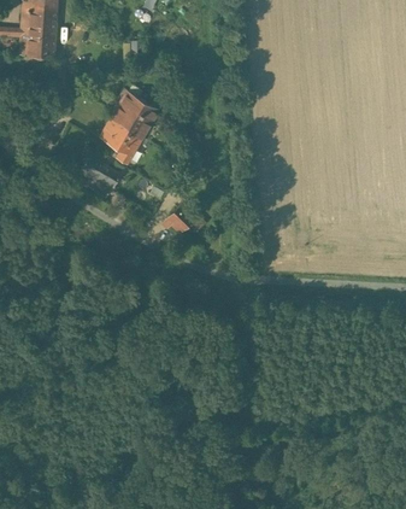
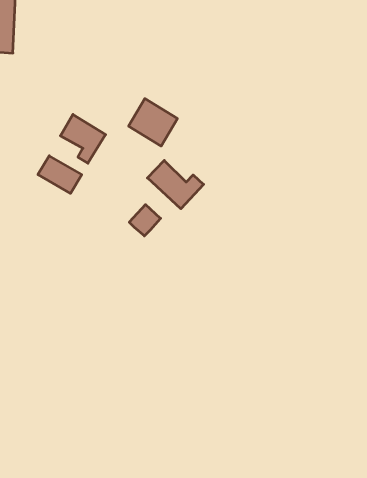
building: [111,92,158,138] -> [129,99,177,146]
building: none -> [147,160,204,209]

